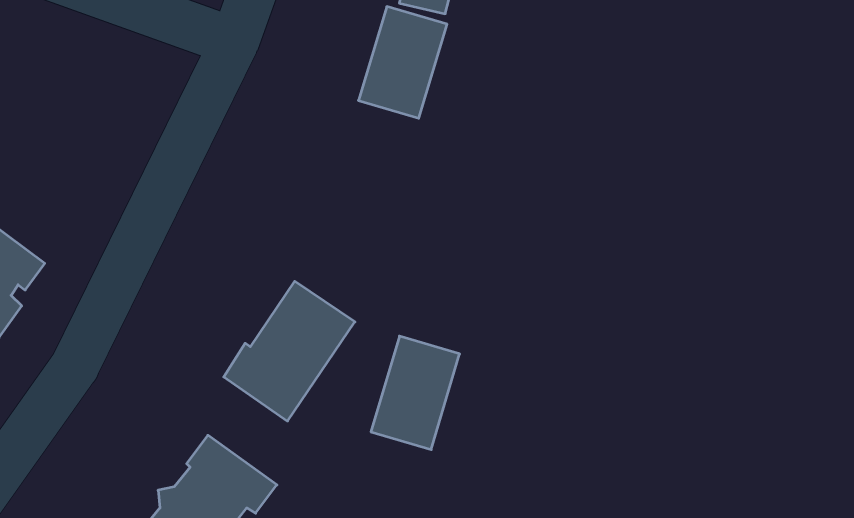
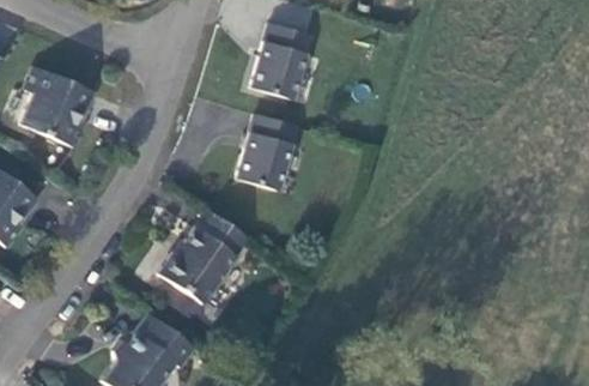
building: none -> [20,66,93,149]
building: [371,336,460,450] -> [236,114,296,191]

